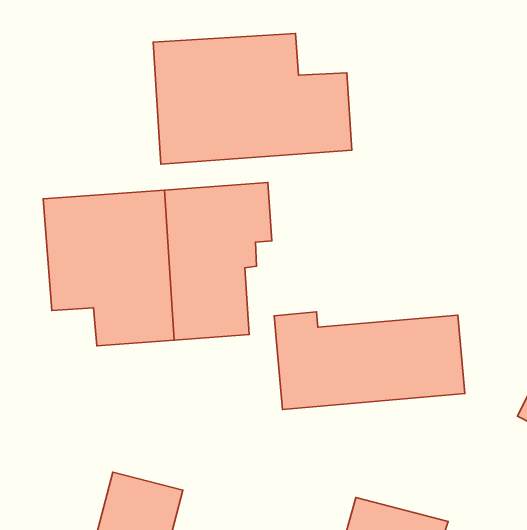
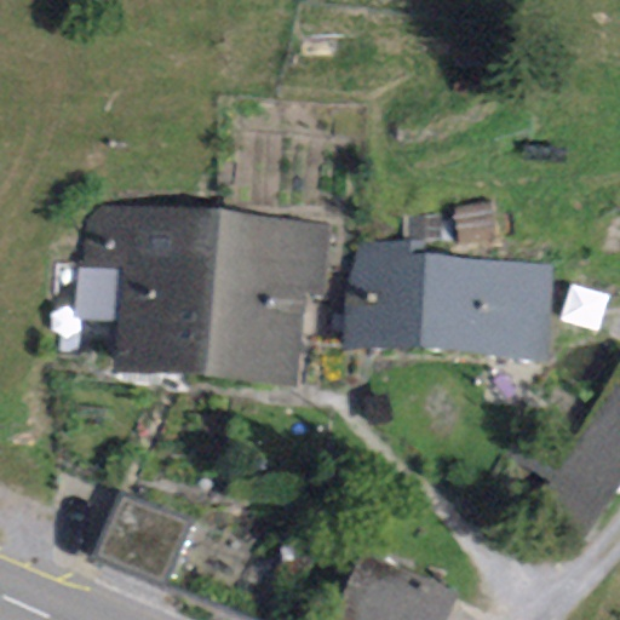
building: [153,33,352,164] -> none
building: [274,312,465,410] -> [357,245,549,352]

